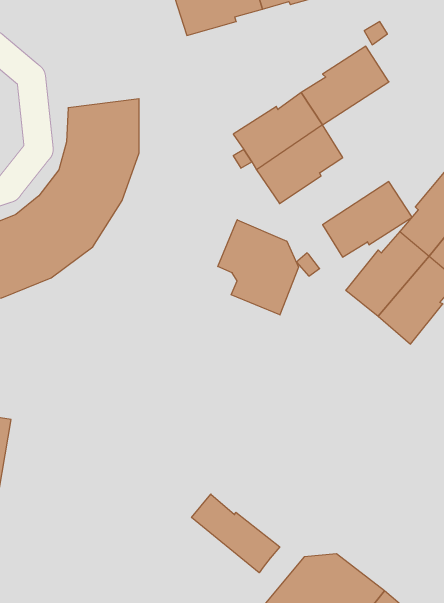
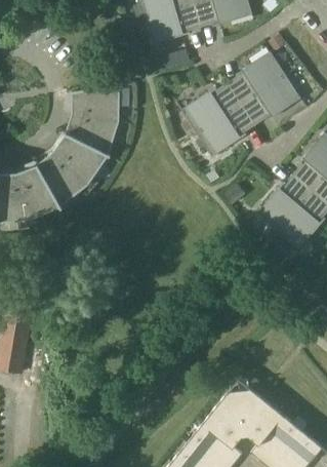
building: [323,182,412,257] -> [241,75,300,125]
building: [218,220,299,315] -> none
building: [192,494,280,573] -> none

